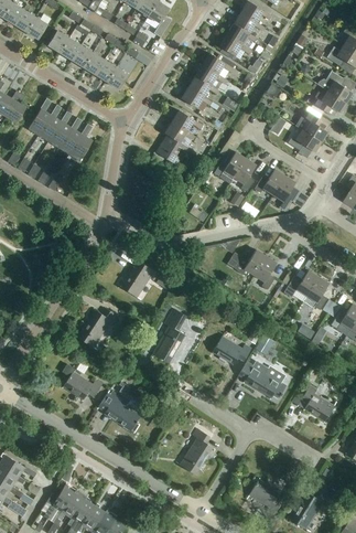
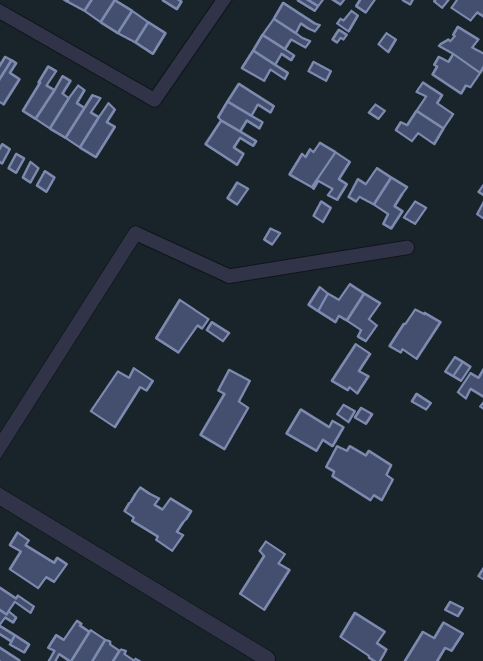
building: [302,276,328,310] -> [332,344,370,393]
building: [62,363,101,402] -> [10,533,67,588]
building: [298,385,334,423] -> none

